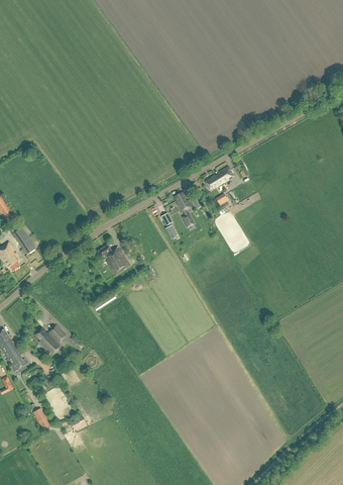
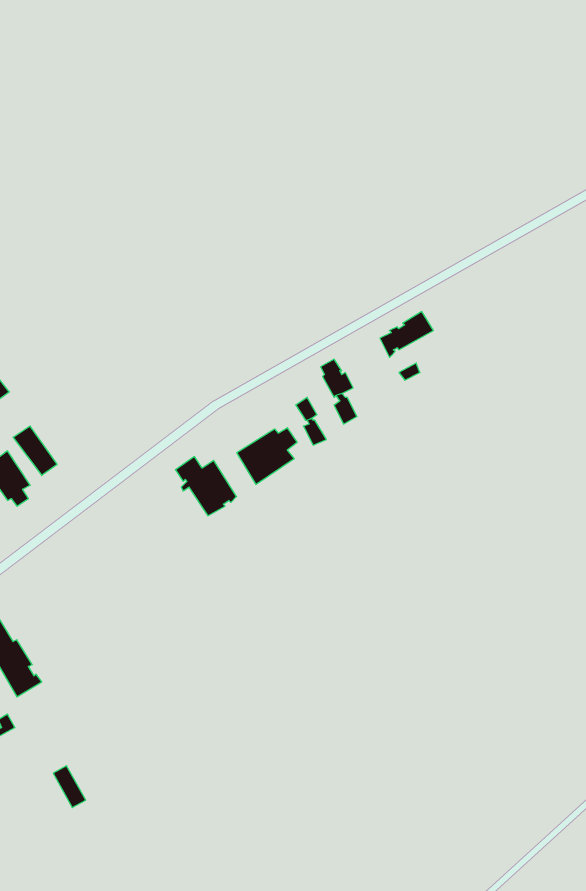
building: none -> [237,428,297,484]
building: [34,324,65,356] -> none

